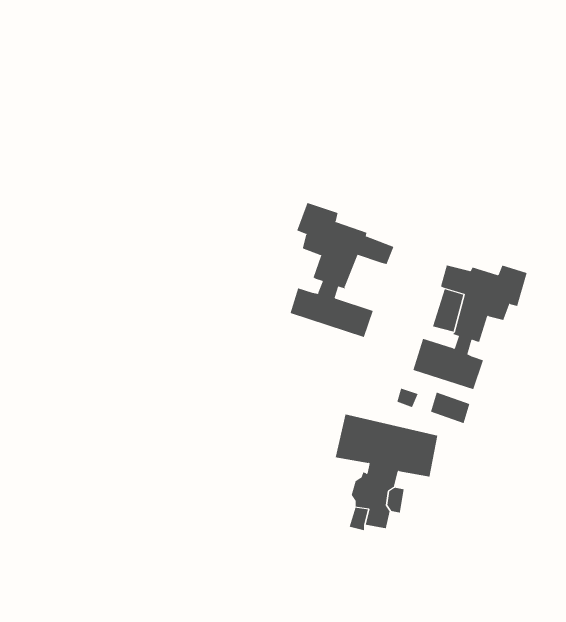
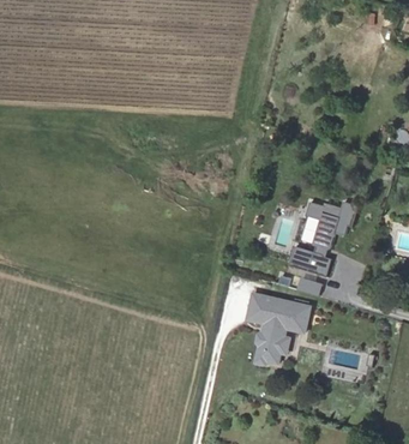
building: [290,202,394,338] -> none

